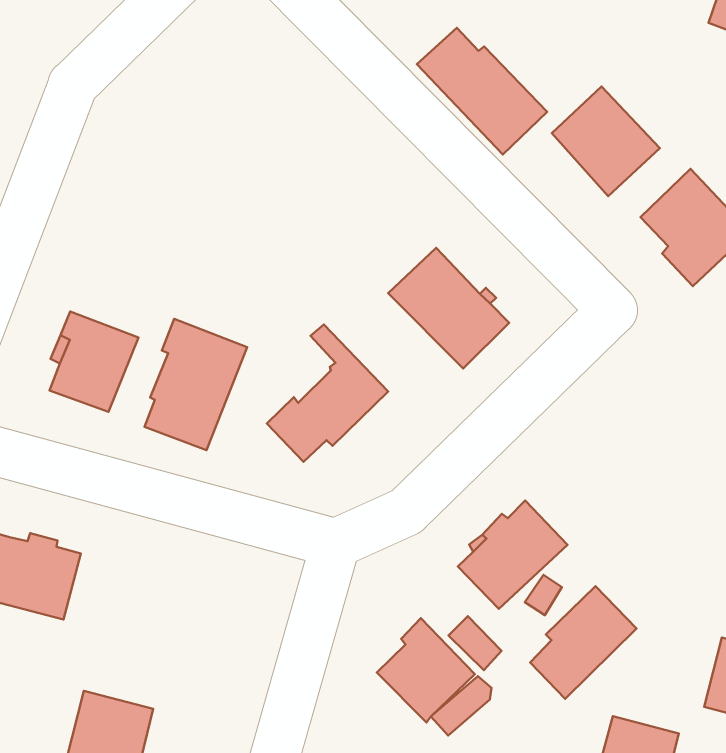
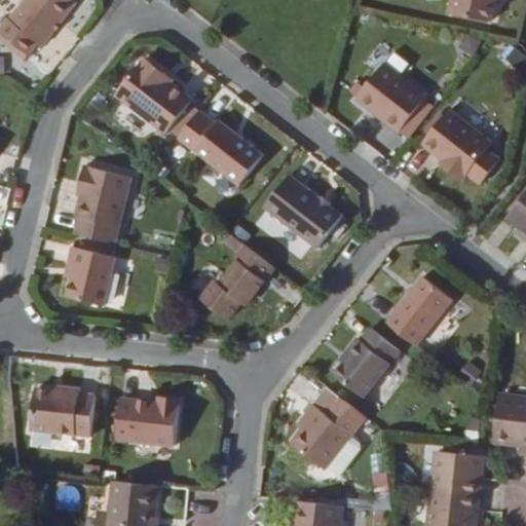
building: [417,28,547,154] -> [181,113,265,187]
building: none -> [119,60,194,136]
building: [145,319,247,450] -> [76,165,133,243]
building: none -> [114,397,177,446]
building: [530,586,637,699] -> [390,274,453,346]

